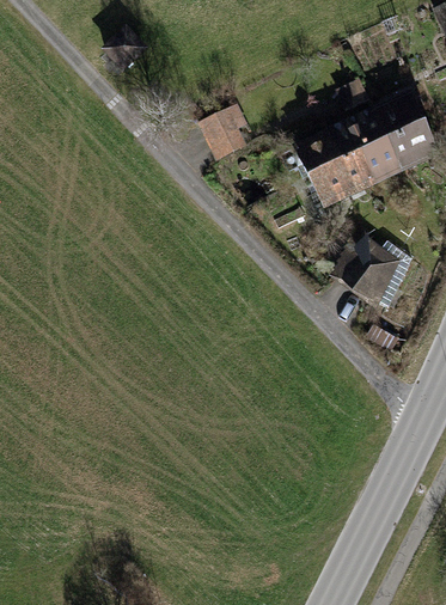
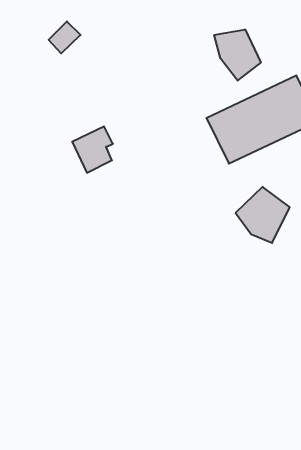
building: none -> [214,29,261,81]
building: [198,99,249,157] -> [72,126,113,173]

